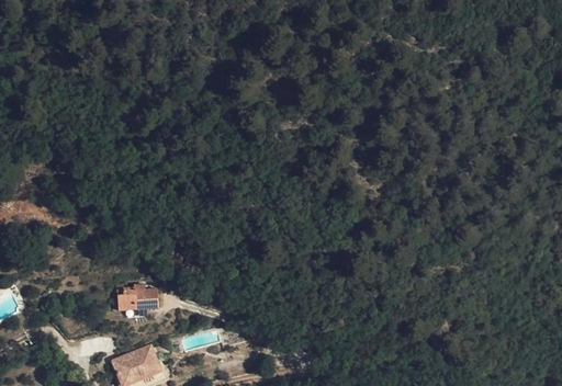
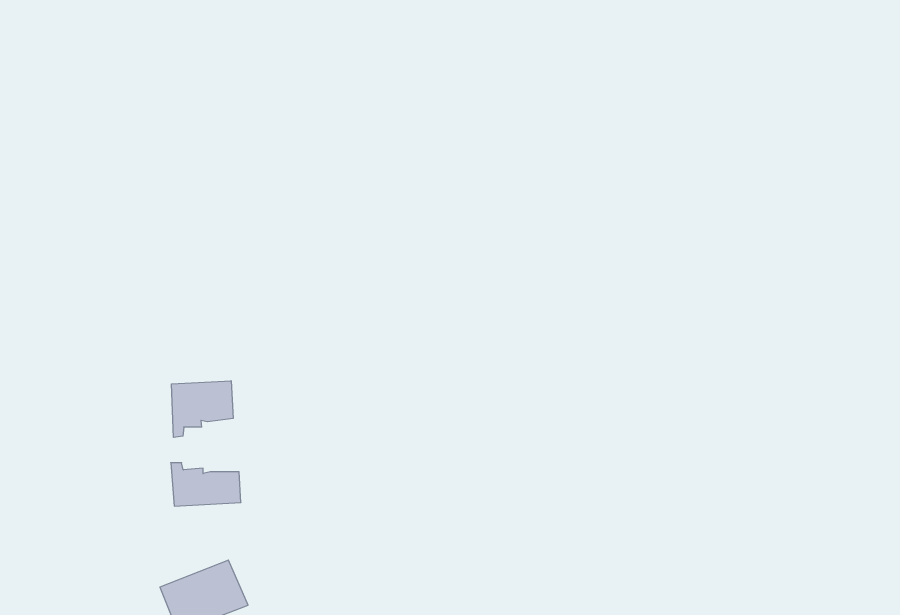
building: none -> [172,381,233,437]

